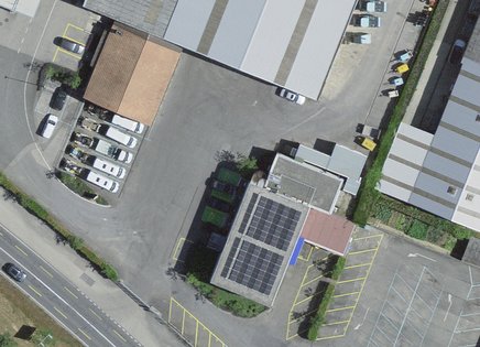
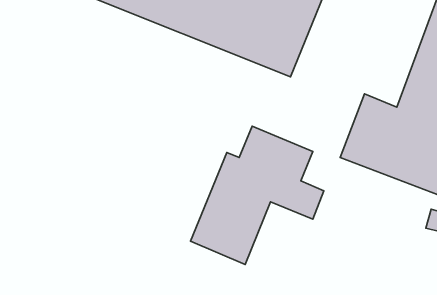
building: [80,24,173,121] -> none

